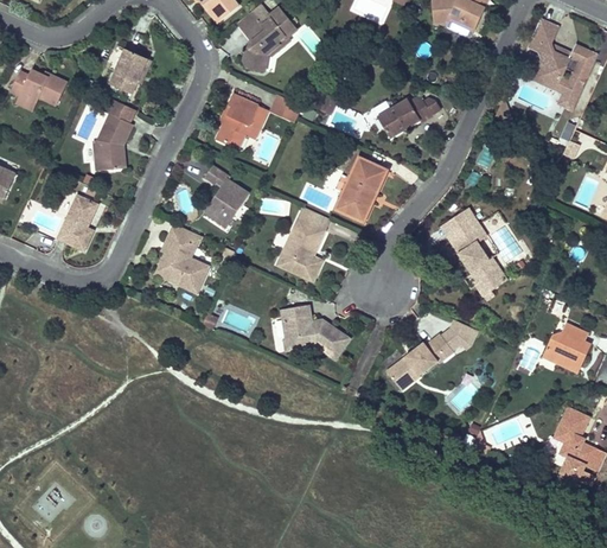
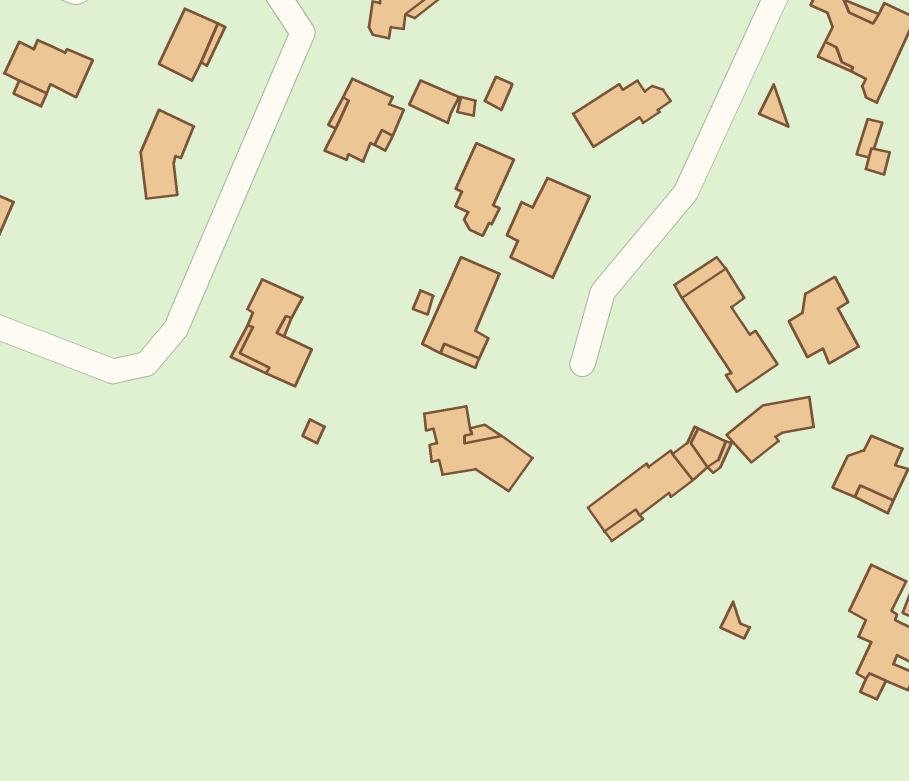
building: none -> [456,143,514,236]
building: [205,165,248,227] -> none
building: [57,195,97,250] -> none
building: none -> [789,277,859,363]
building: none -> [727,397,814,462]

